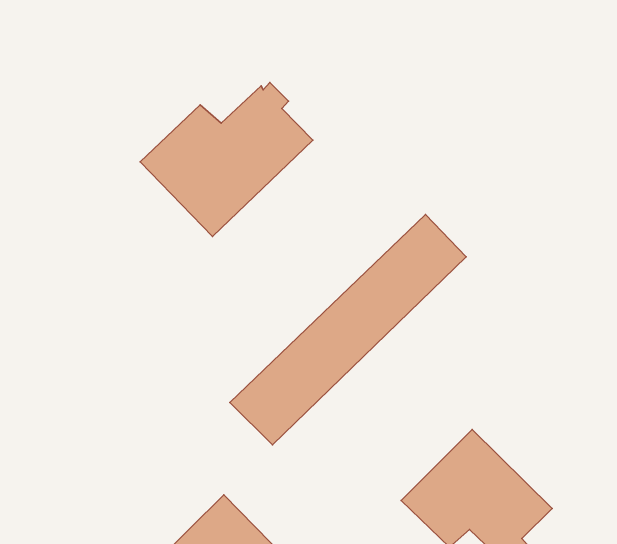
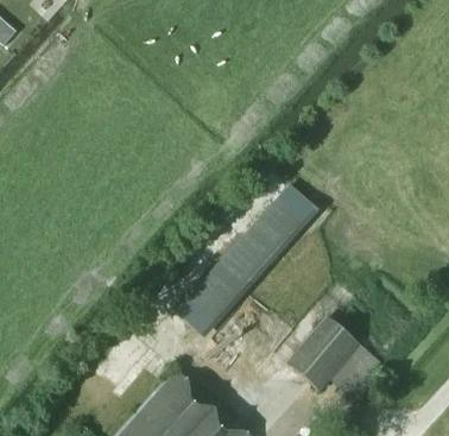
building: [140,82,313,237] -> none

